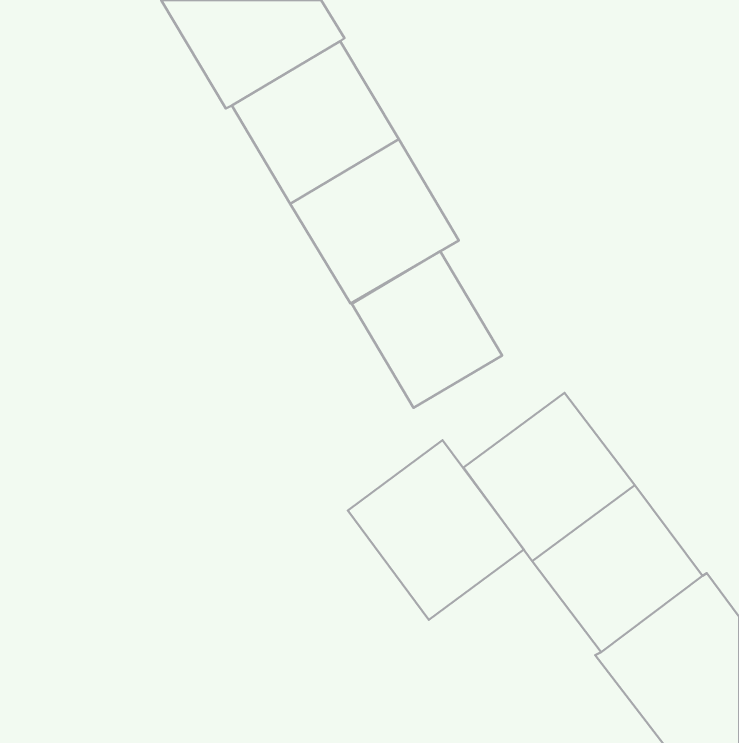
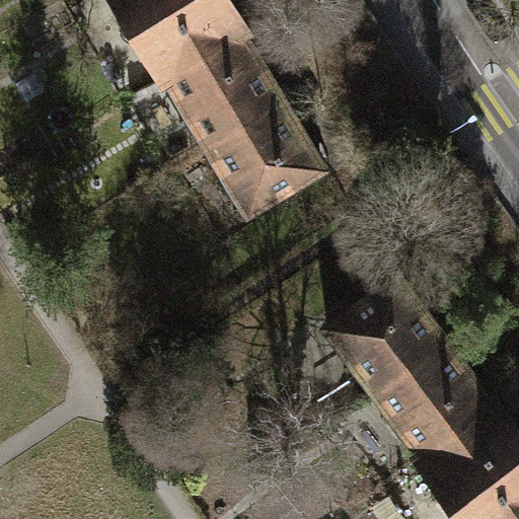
building: [352,251,502,408] -> none
building: [348,440,524,620] -> none

